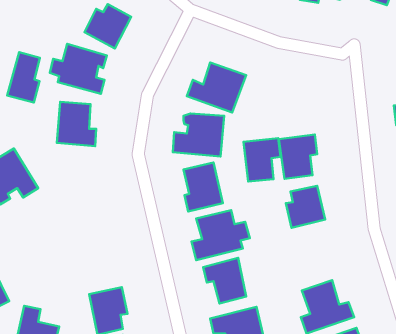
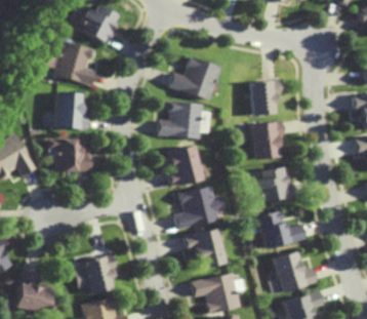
building: [7,52,40,103] -> none
building: [243,138,281,181] -> [249,79,282,117]
building: none -> [50,138,93,172]
building: none -> [258,209,305,249]

